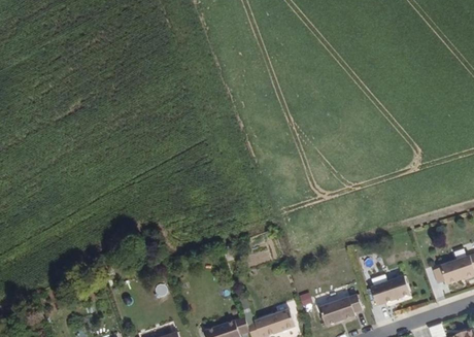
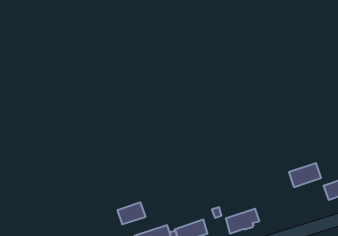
building: [368,276,408,306] -> [289,163,321,187]
building: none -> [118,202,145,224]

